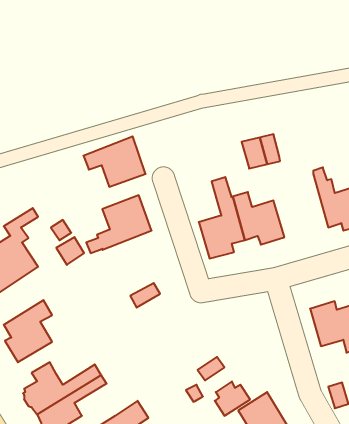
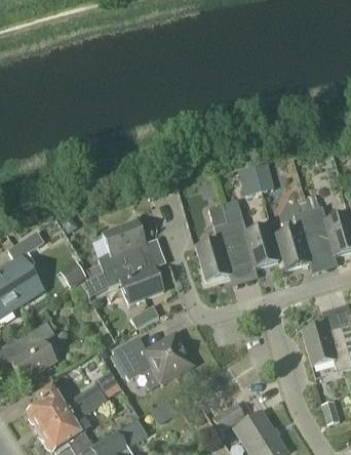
building: [83,136,146,187] -> [103,254,162,302]
building: none -> [275,200,319,267]
building: none -> [112,332,193,382]

